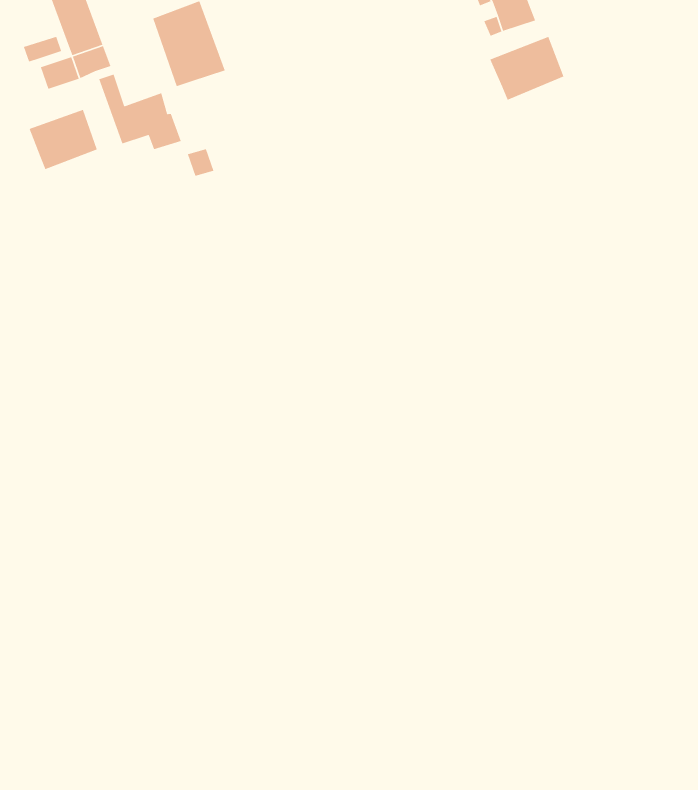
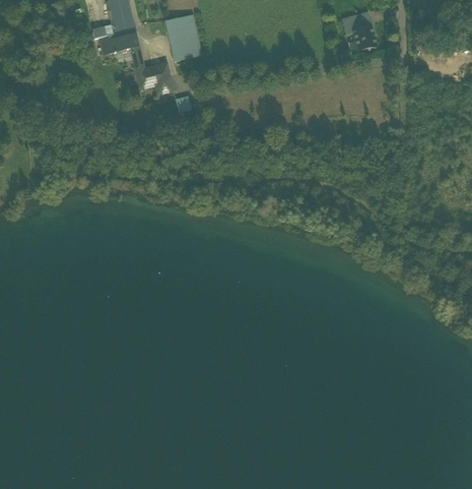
building: [489,36,565,101] -> none
building: [28,109,98,170] -> none

